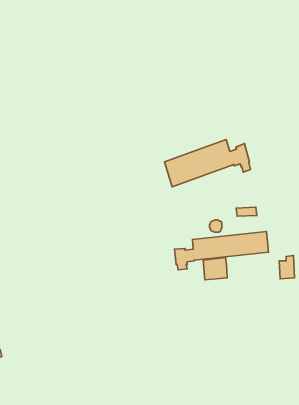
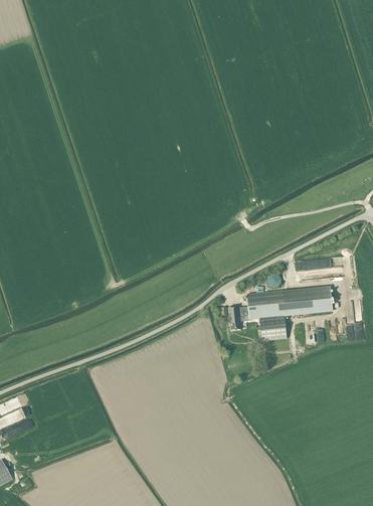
building: [165,140,251,187] -> none

